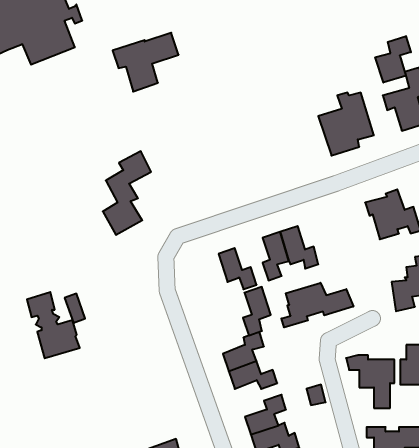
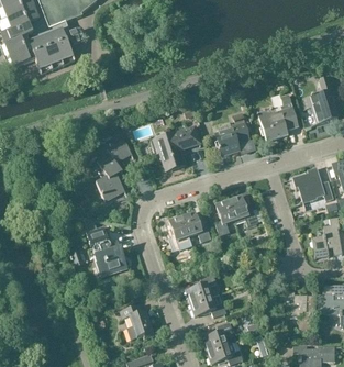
building: [113,33,179,92] -> [149,127,199,171]
building: [375,36,411,83] -> none
building: none -> [212,113,249,156]
building: [281,283,353,327] -> none
building: [243,287,271,335] -> [167,216,188,253]
building: [27,292,80,358] -> [86,227,125,277]
building: none -> [119,305,154,341]

